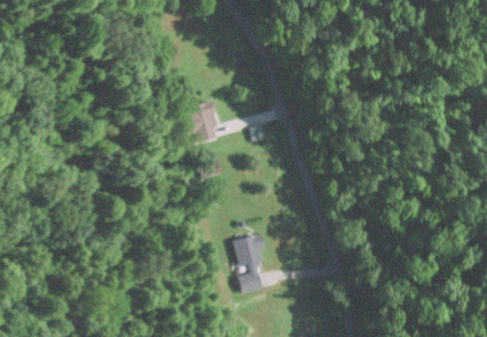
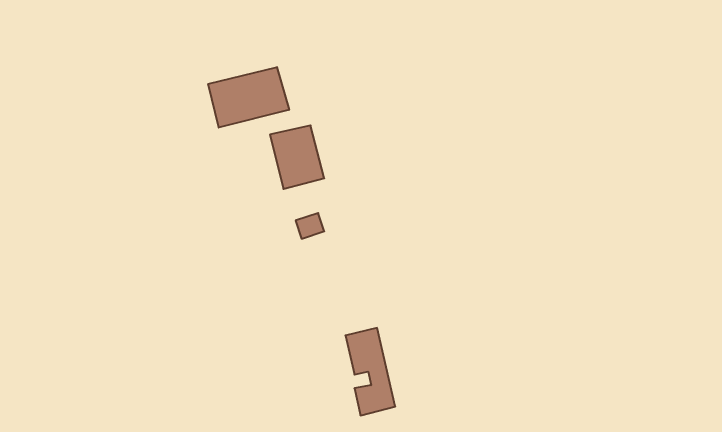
building: none -> [208,67,289,128]

